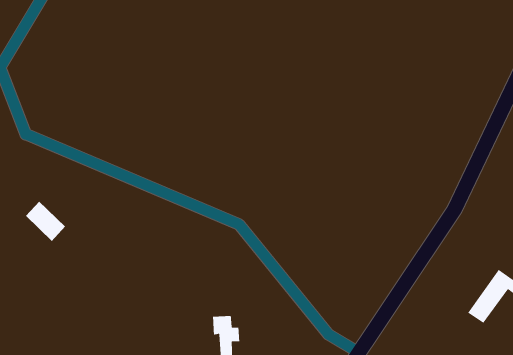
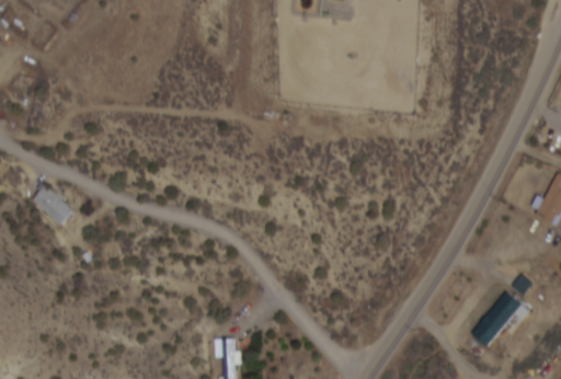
building: [25,201,66,242] -> [34,184,76,226]

